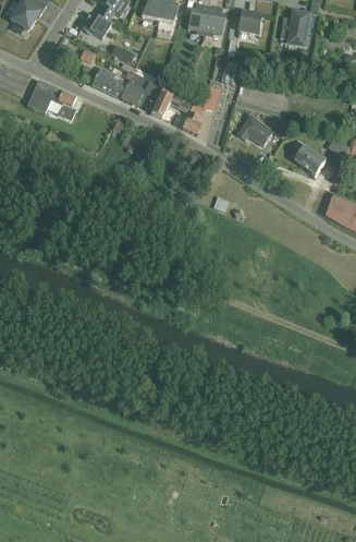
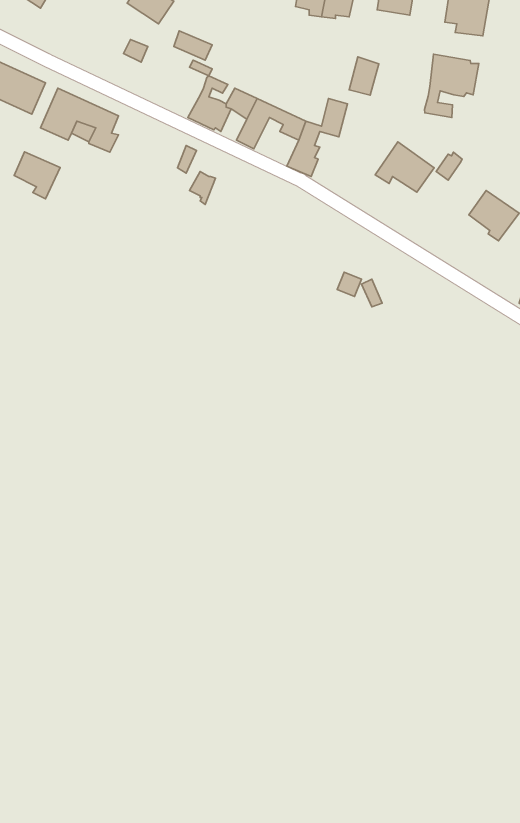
building: none -> [424,54,479,118]
building: [91,67,127,98] -> none
building: none -> [14,152,60,199]

